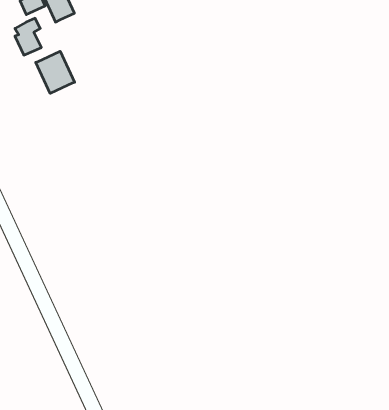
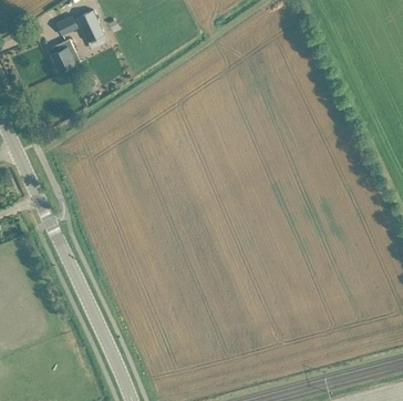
building: [36,51,75,93] -> none

